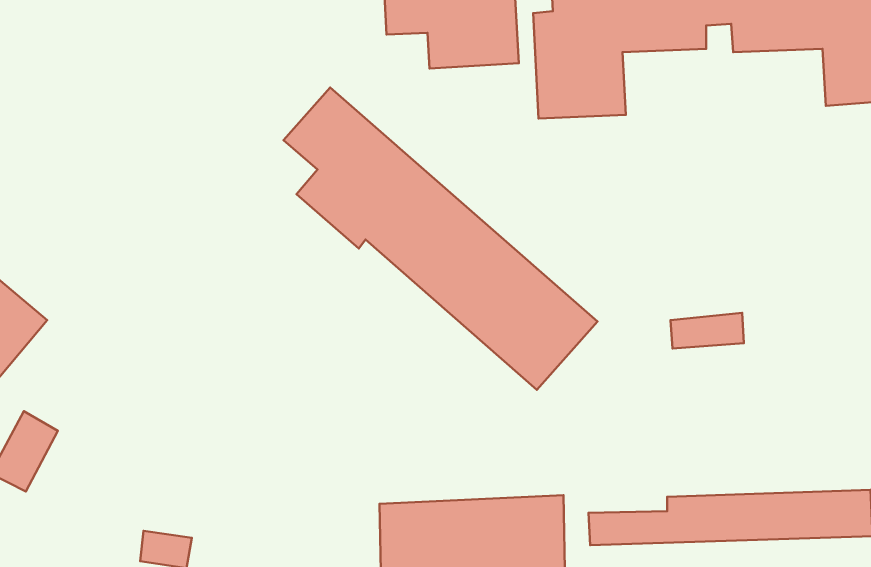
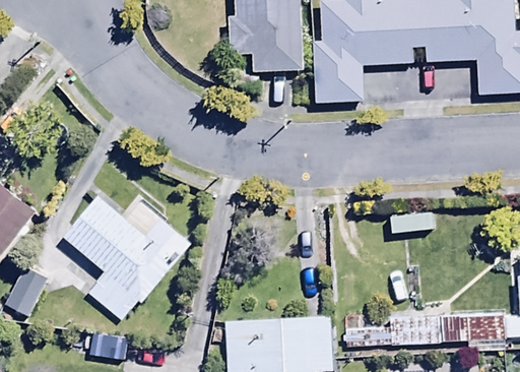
building: [284,88,598,390] -> none
building: none -> [64,195,193,318]

